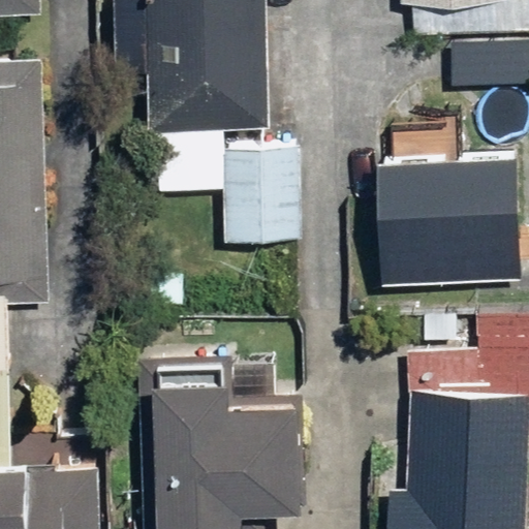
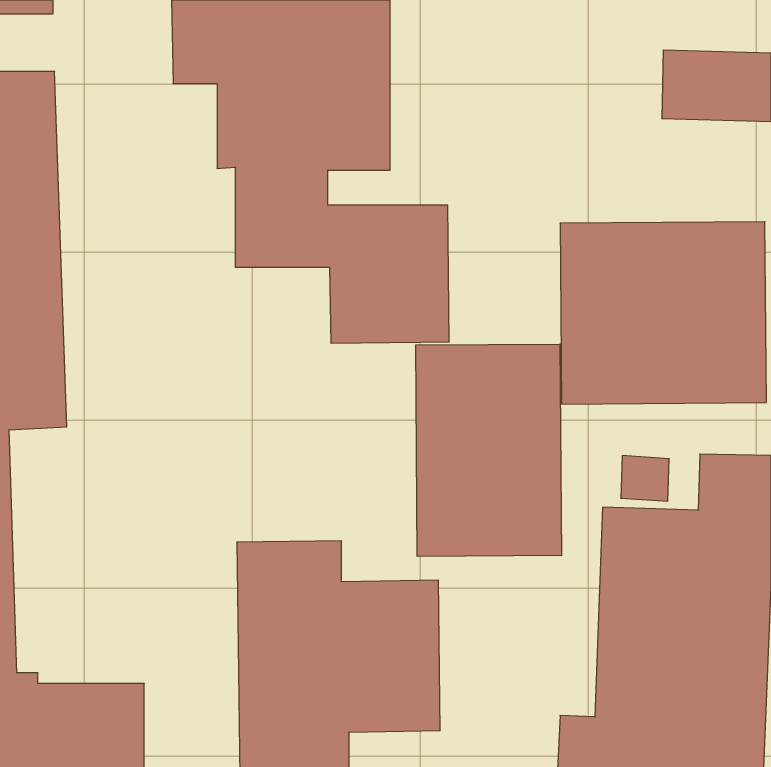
building: none -> [416,344,562,556]

